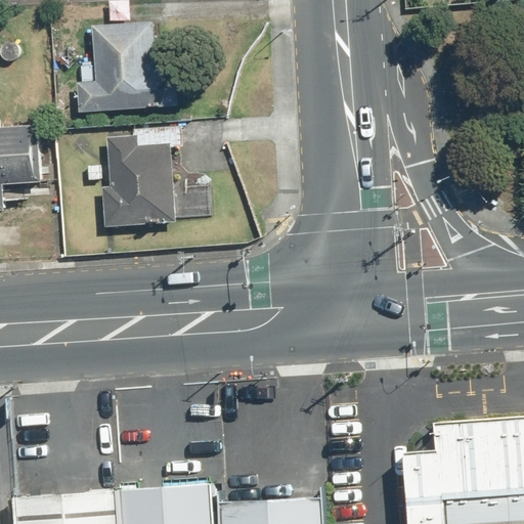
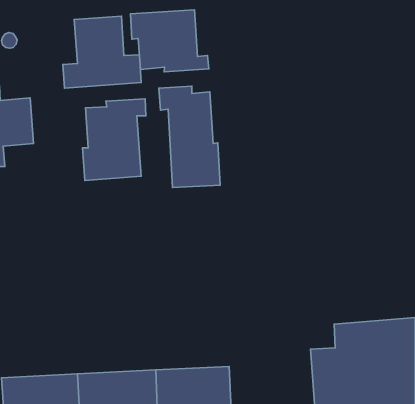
building: none -> [131,10,209,72]
building: none -> [159,86,220,187]

